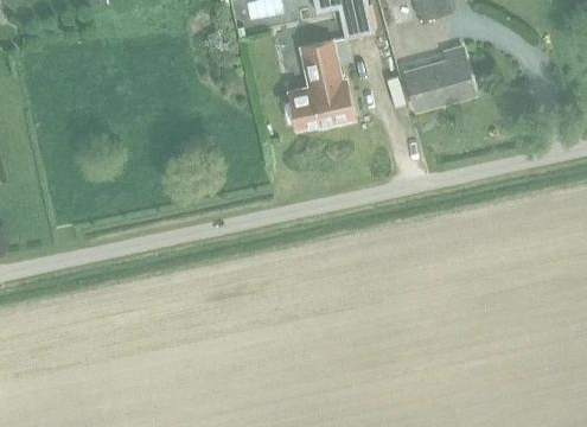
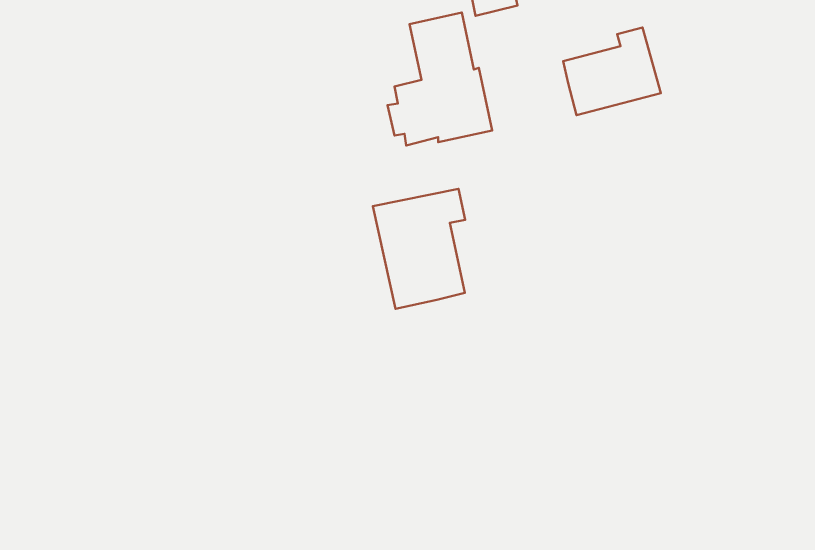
building: none -> [373,189,465,309]

